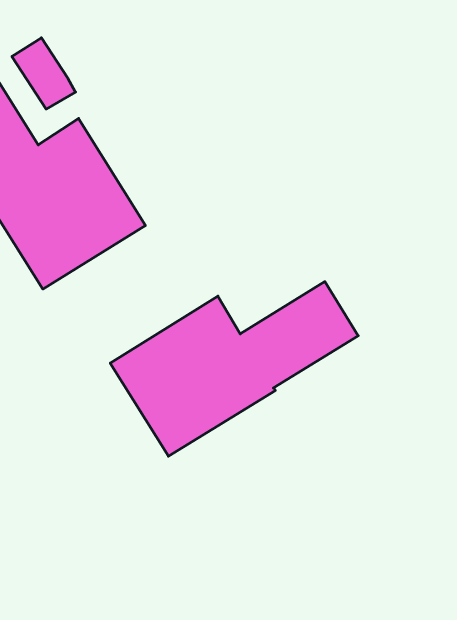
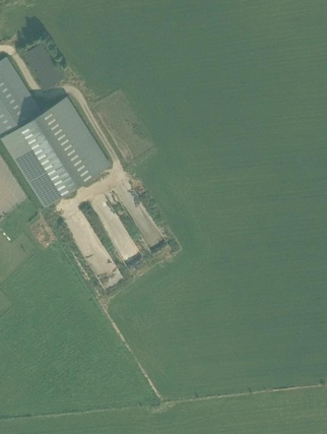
building: [110,282,358,456] -> none

